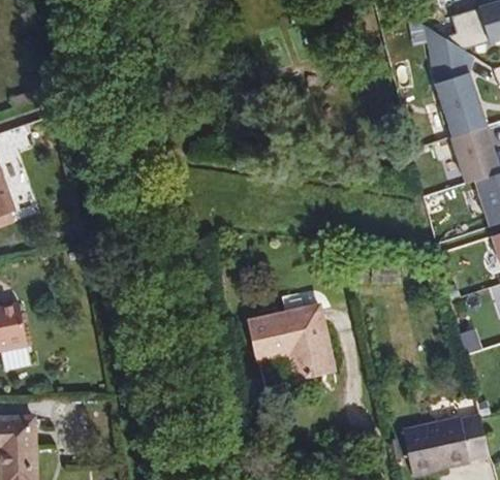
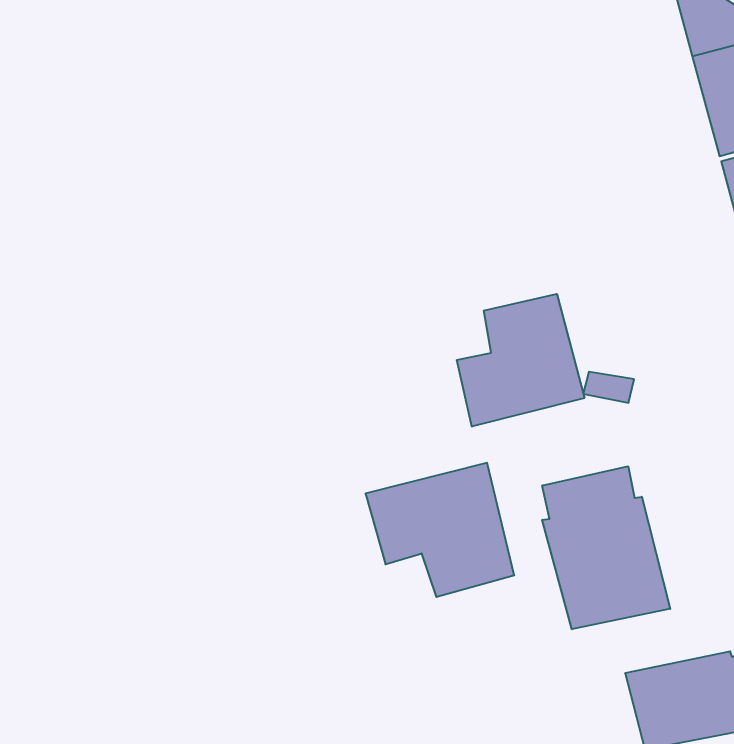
building: none -> [457,294,584,427]
building: none -> [542,466,670,629]

